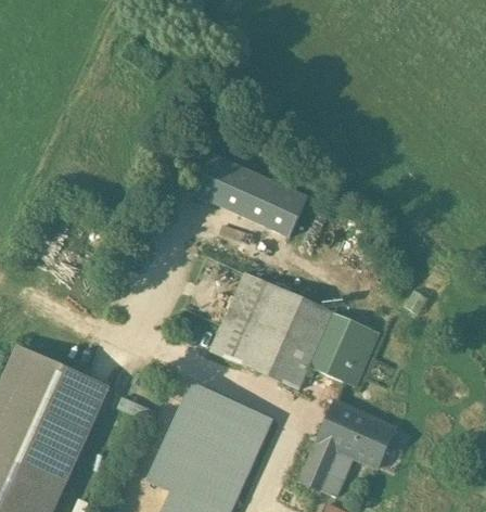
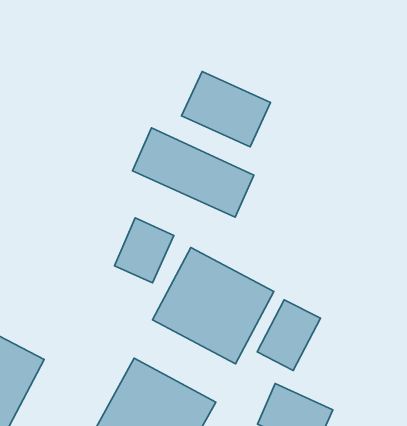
building: none -> [182,72,271,147]
building: none -> [115,218,174,283]

